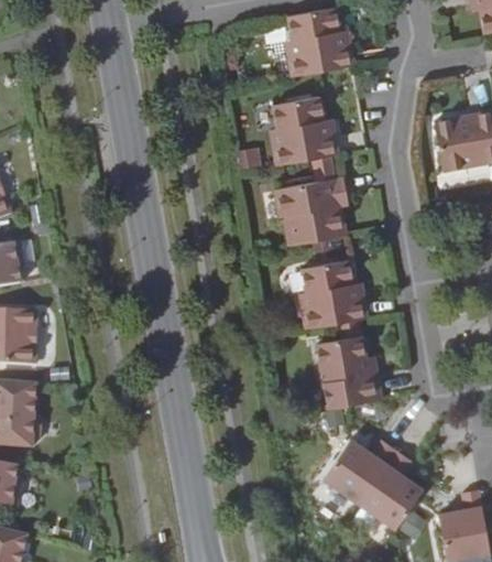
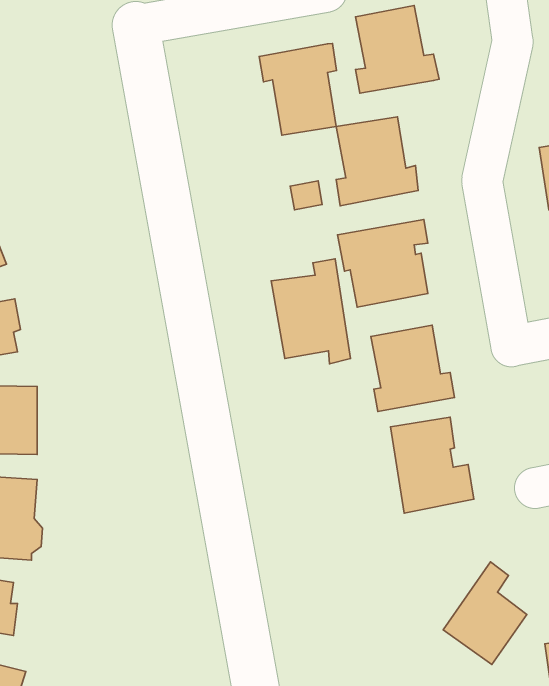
building: none -> [259,43,336,135]
building: none -> [271,259,350,364]
building: [321,437,395,502] -> none

